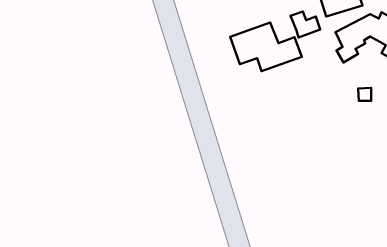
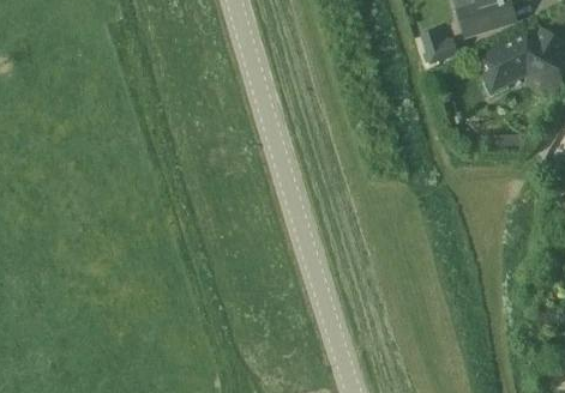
building: [230,22,302,71] -> none

